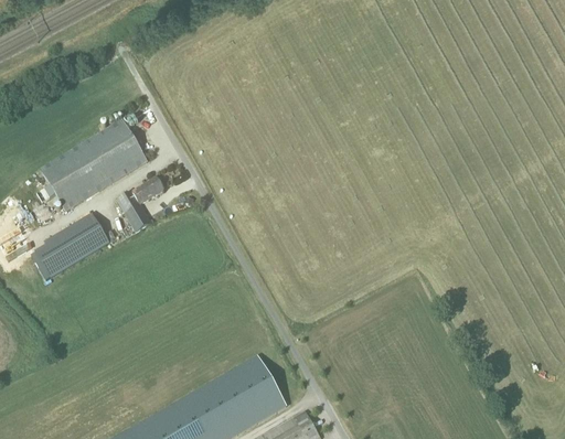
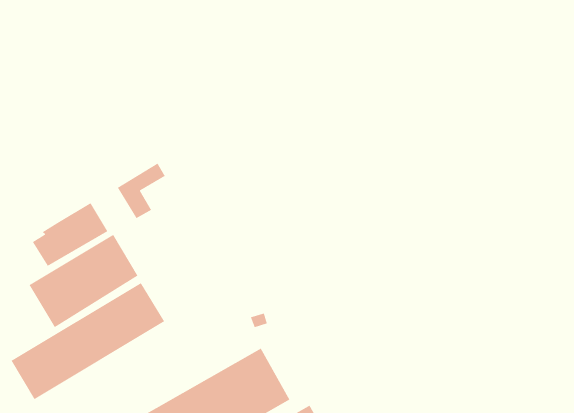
building: [40,120,147,212] -> [28,234,139,328]
building: none -> [10,282,165,400]

